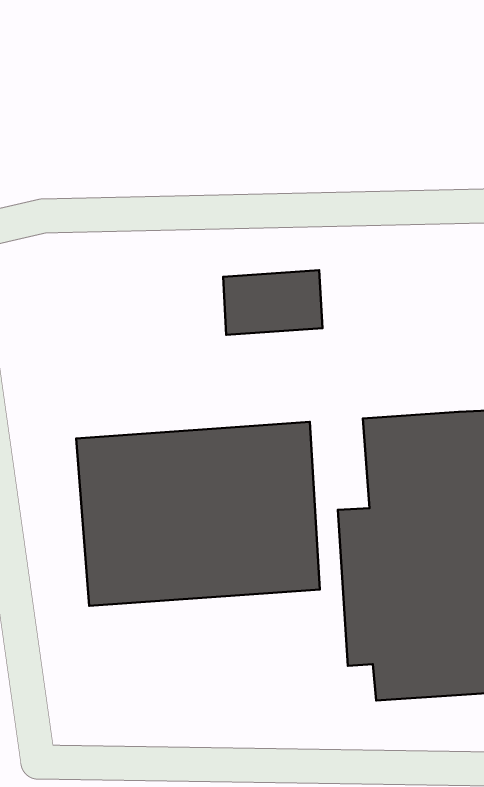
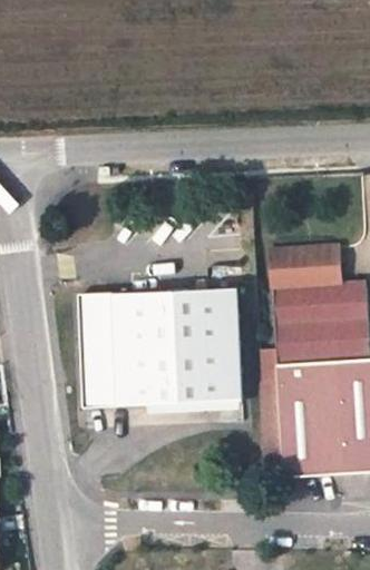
building: [223,270,322,335] -> [269,244,335,287]

